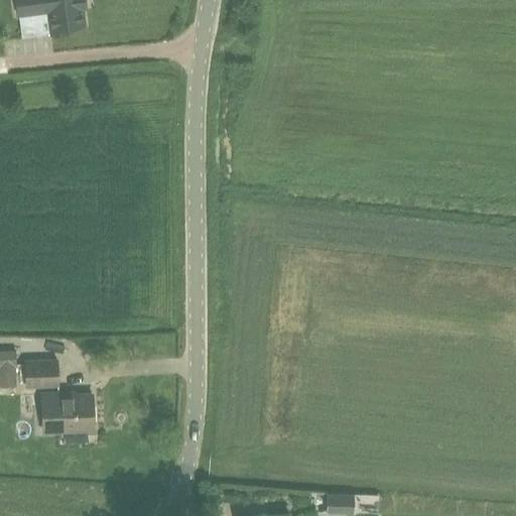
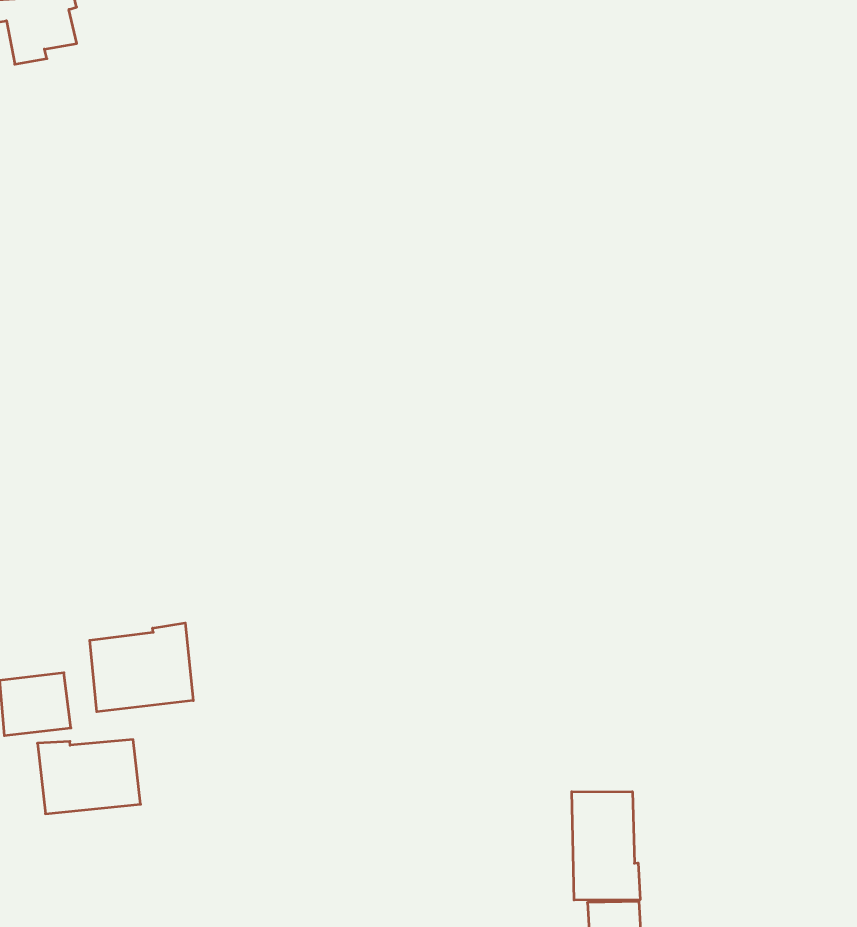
building: none -> [90,623,193,712]
building: none -> [572,792,640,900]

